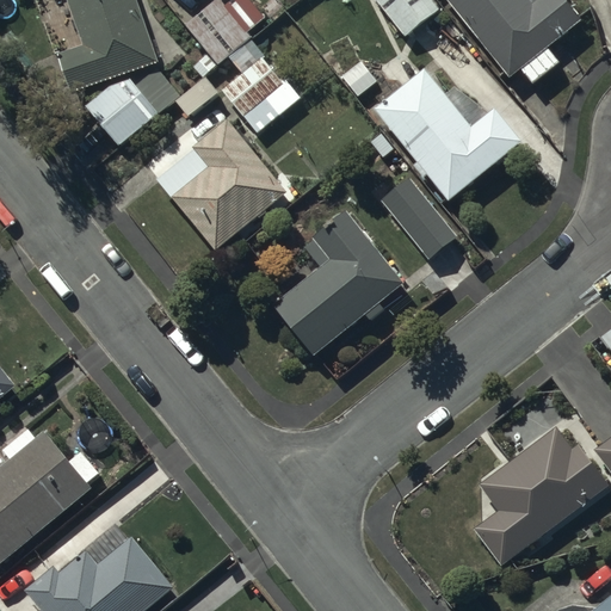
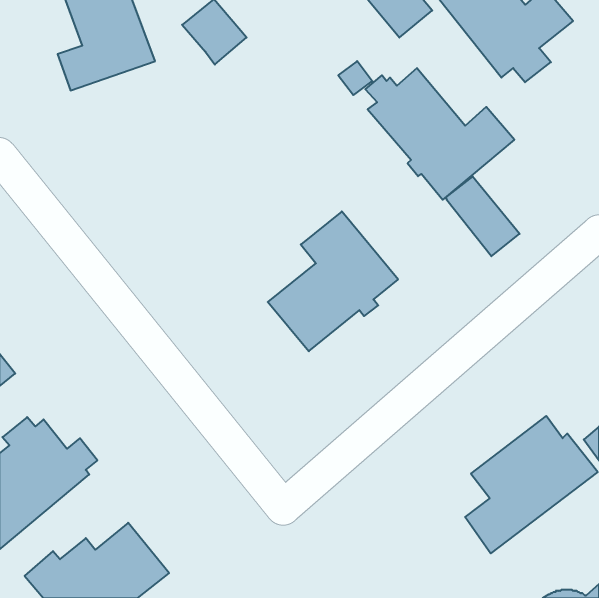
building: [222,38,297,134] -> none
building: [86,68,181,147] -> none
building: [156,122,288,251] -> none
building: [382,179,457,260] -> [446,176,520,256]

